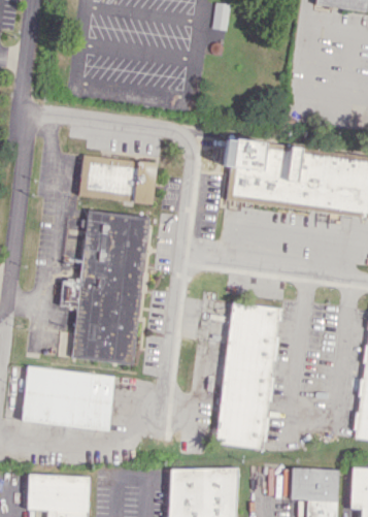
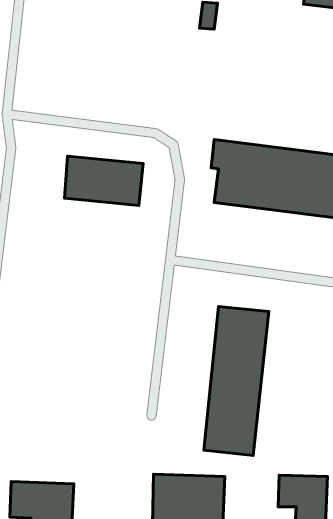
building: [60,211,149,364] -> none
building: [22,366,114,429] -> none

